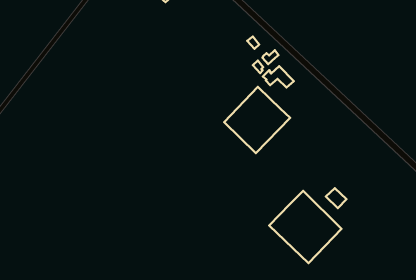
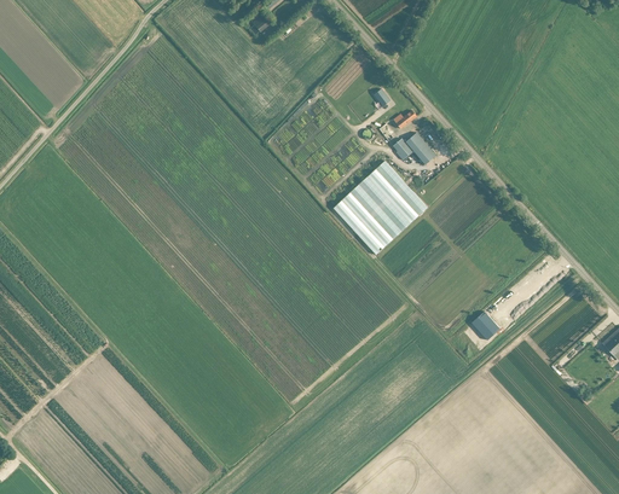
building: [269,191,341,263] -> none

